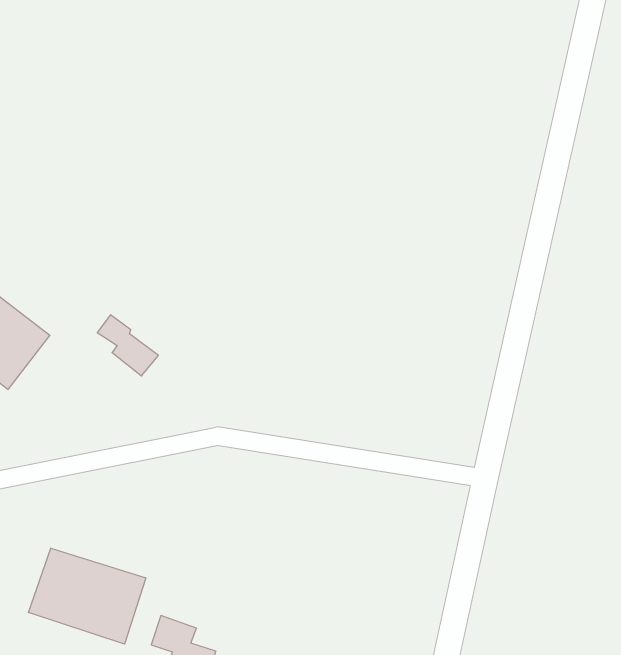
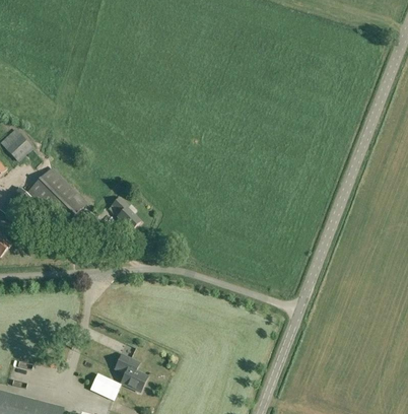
building: [28,548,146,644] -> none

